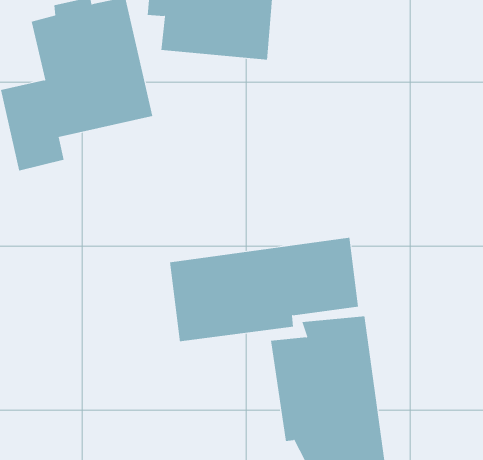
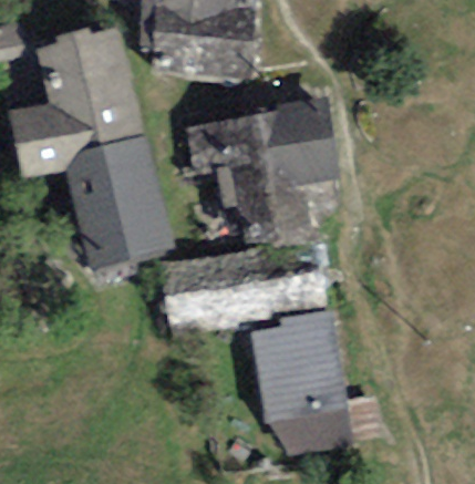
building: none -> [185,95,339,243]
building: none -> [61,133,173,270]

